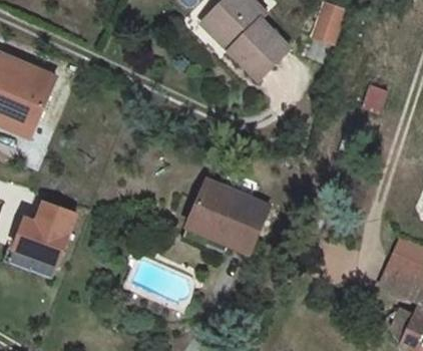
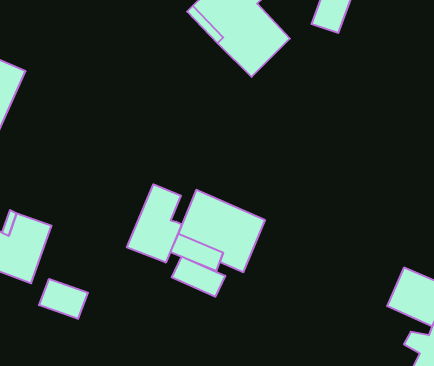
building: none -> [127,184,182,263]
building: none -> [172,257,225,297]
building: none -> [39,279,88,319]

